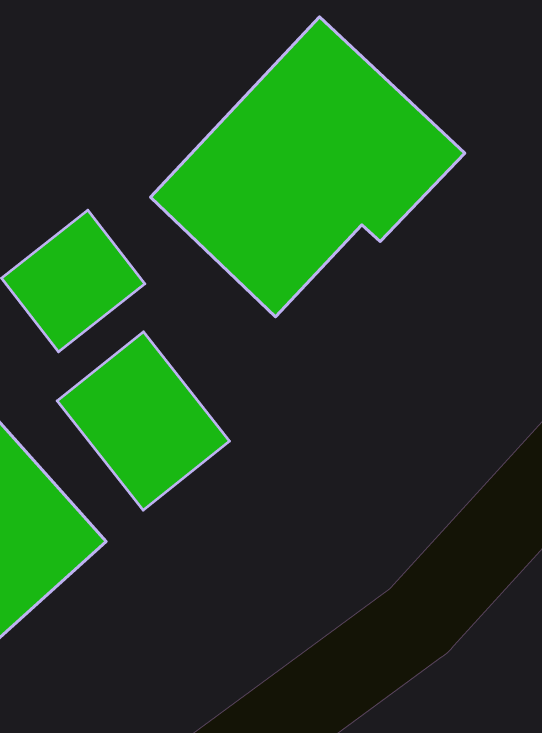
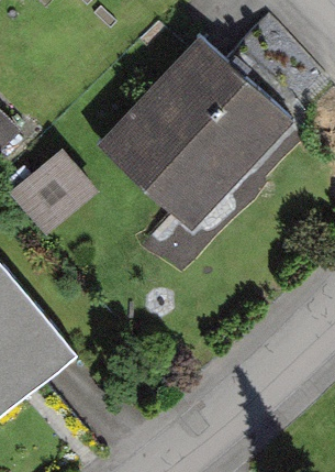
building: [57,332,229,510] -> none

